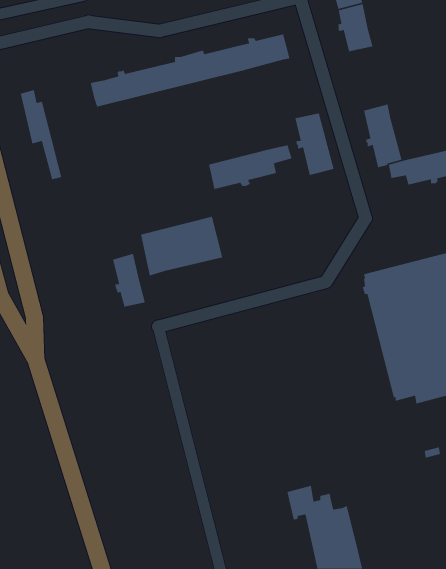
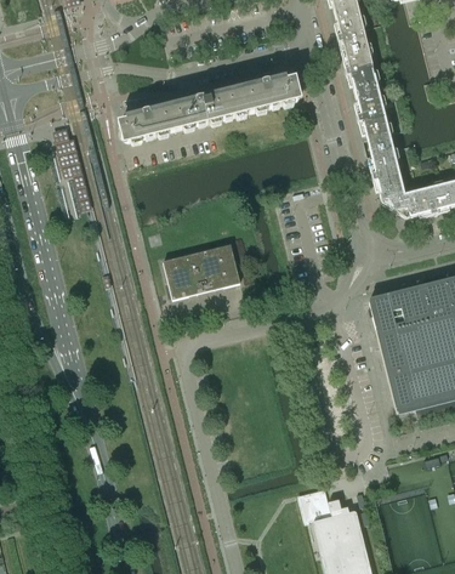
building: [295,113,334,176] -> [354,86,391,144]
building: [208,144,292,190] -> none
building: [112,253,146,308] -> none

